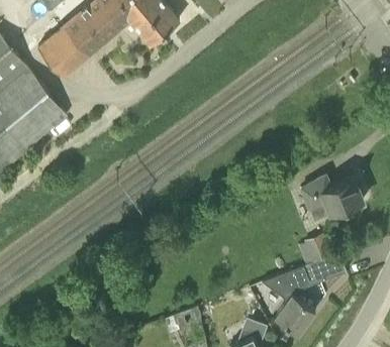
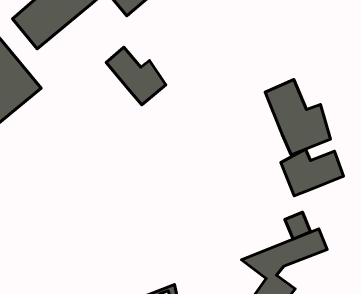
building: none -> [106,47,166,105]
building: none -> [265,80,330,155]

